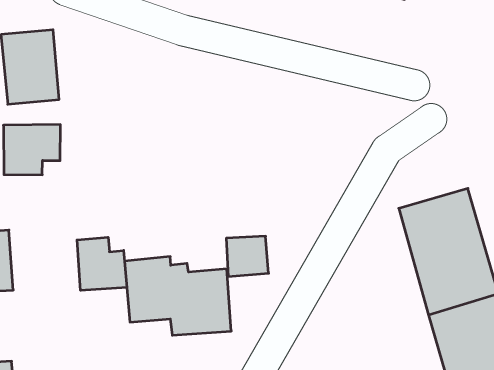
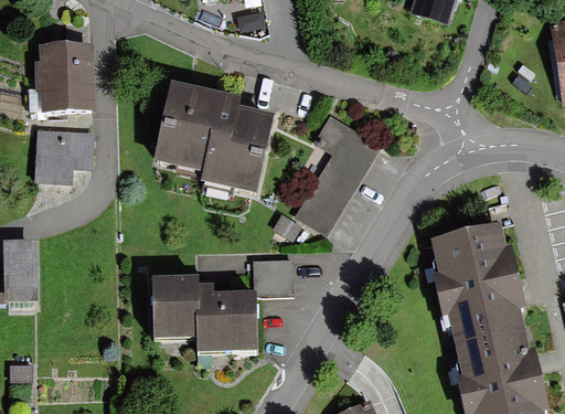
building: none -> [151,79,271,191]
building: none -> [295,118,380,236]
building: [77,237,127,290] -> none

